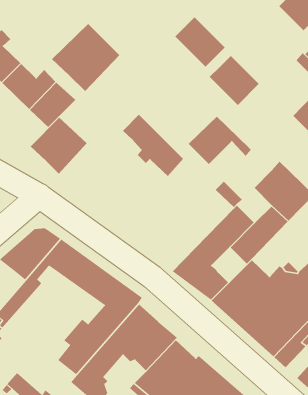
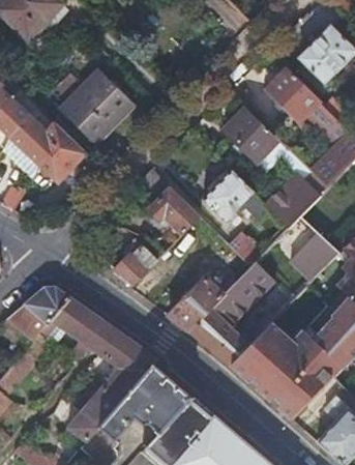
building: [175,16,225,67] -> [266,68,319,121]
building: [30,117,87,174] -> none
building: none -> [267,172,321,226]
building: none -> [113,237,156,285]
building: none -> [166,277,223,331]

